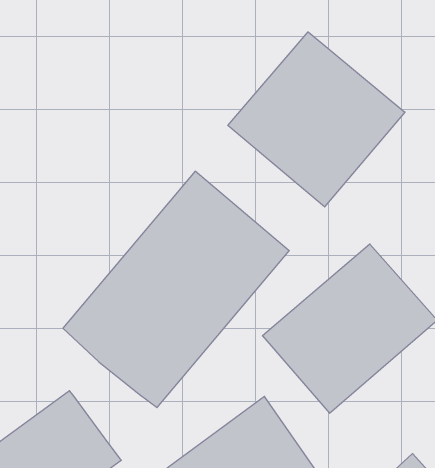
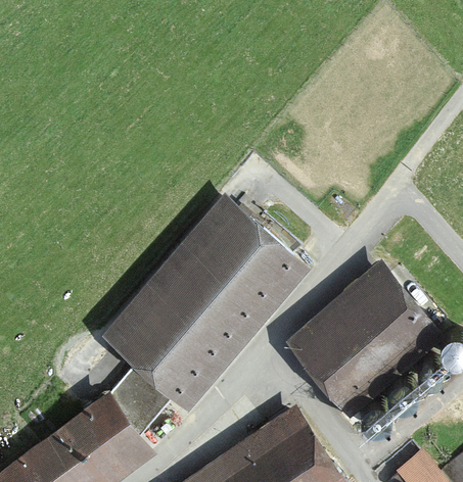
building: [228,32,405,207] -> none
building: none -> [112,367,173,436]

